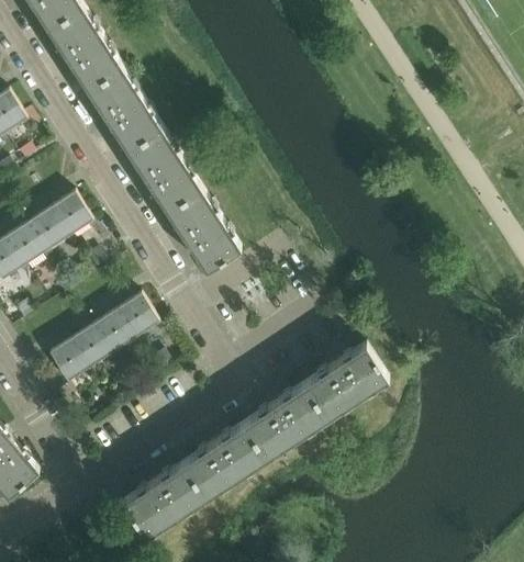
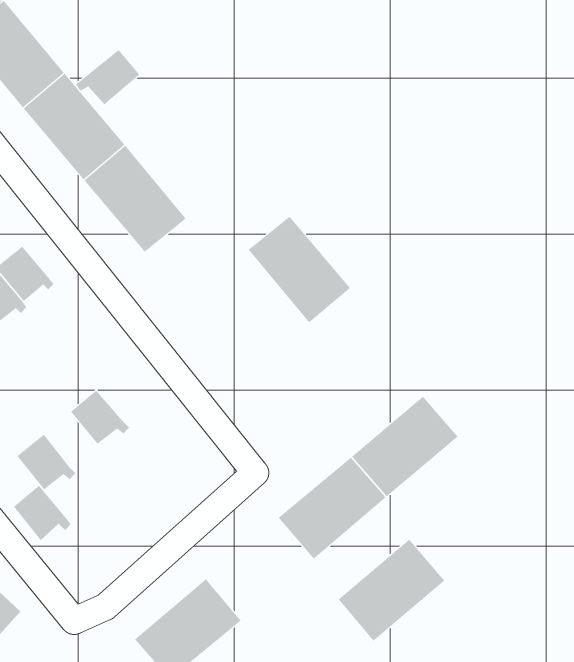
building: none -> [75,49,140,105]
building: [163,188,237,271] -> [248,216,351,323]
building: [113,294,157,337] -> none
building: [69,324,112,367] -> [13,485,71,541]
building: [179,424,263,498] -> [338,539,445,642]

